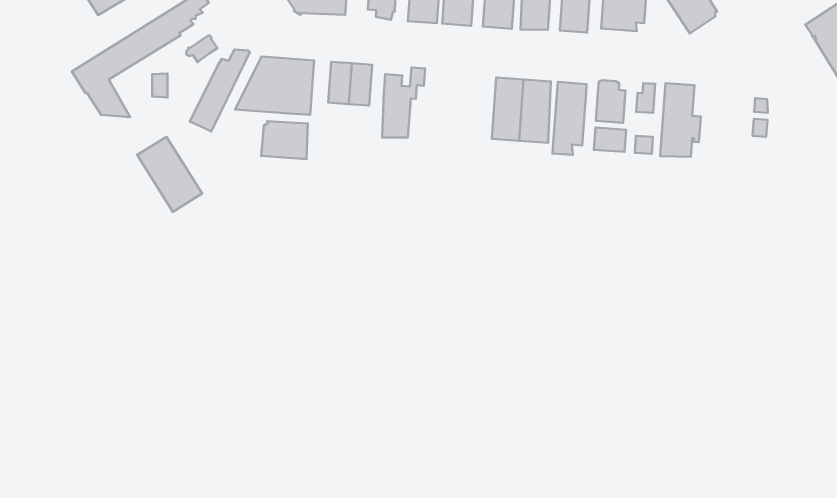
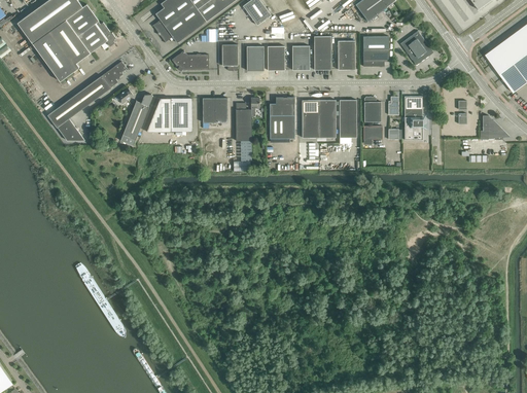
building: none -> [269,97,293,138]
building: [261,121,308,159] -> none
building: none -> [480,115,501,139]
building: [137,137,202,212] -> none

